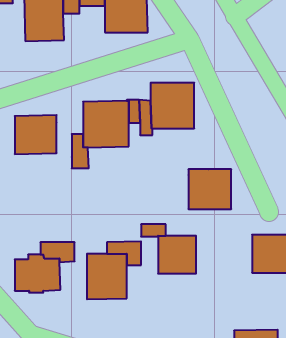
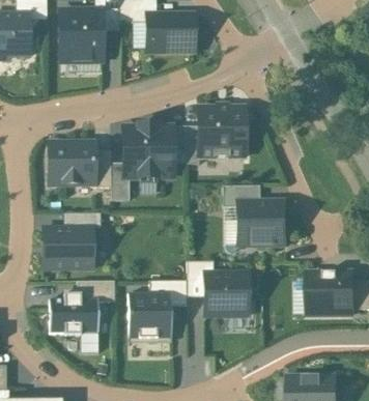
building: none -> [93,150,111,188]
building: none -> [223,185,260,207]
building: none -> [41,221,97,268]

